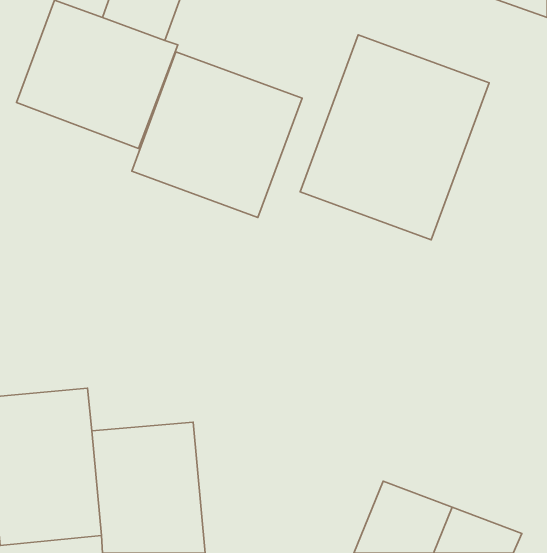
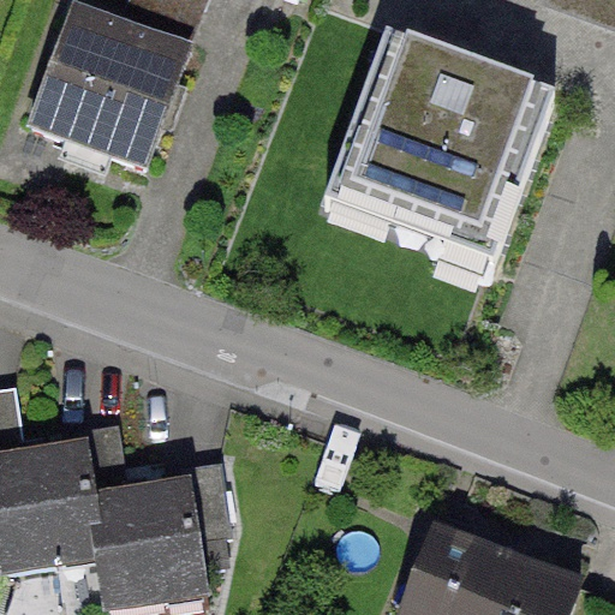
building: [132,52,302,217] -> none

